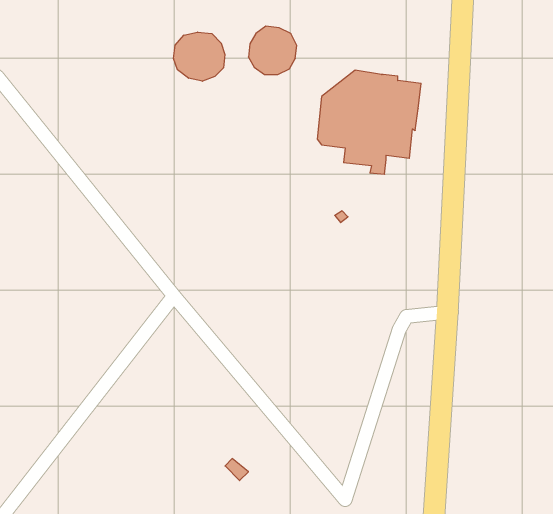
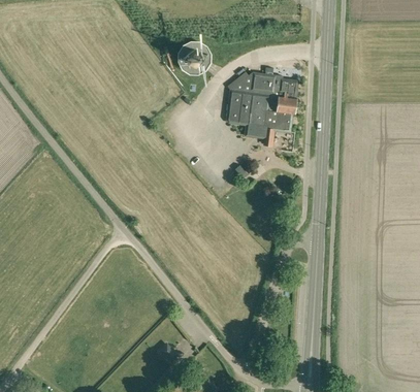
building: [174,32,225,81] -> none

